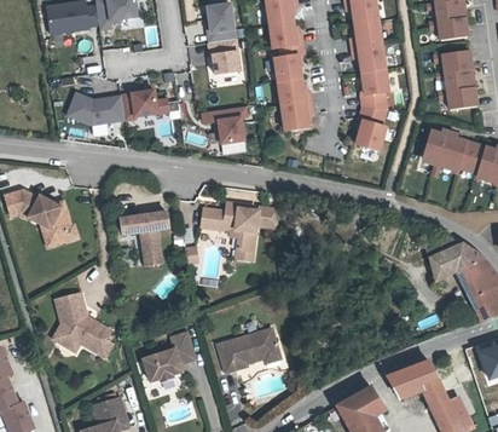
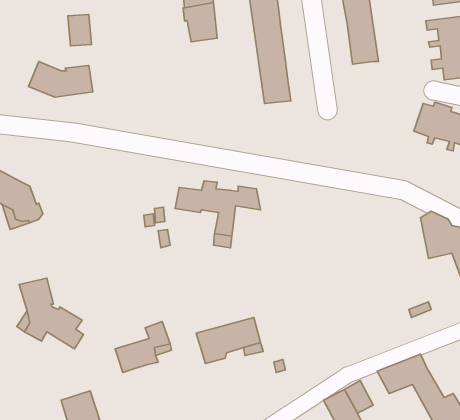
building: [121,90,168,120] -> none
building: [355,92,386,151] -> none
building: [202,105,247,143] -> none
building: [121,212,169,260] -> none

